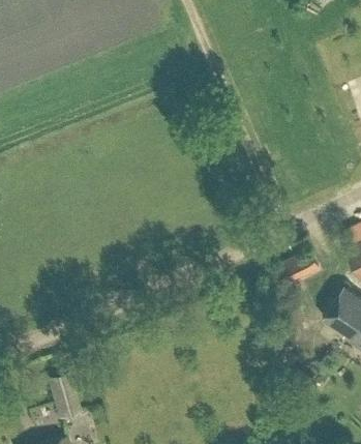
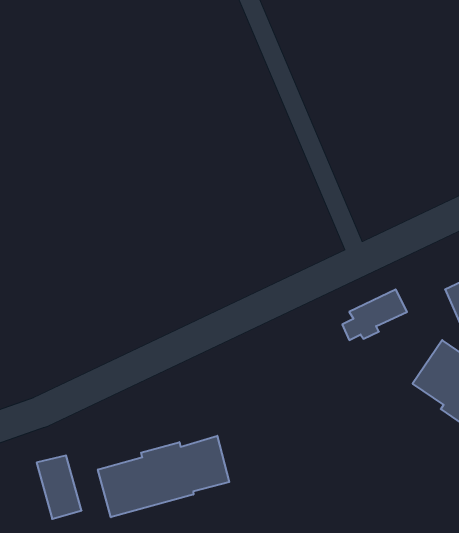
building: none -> [98,436,229,517]

